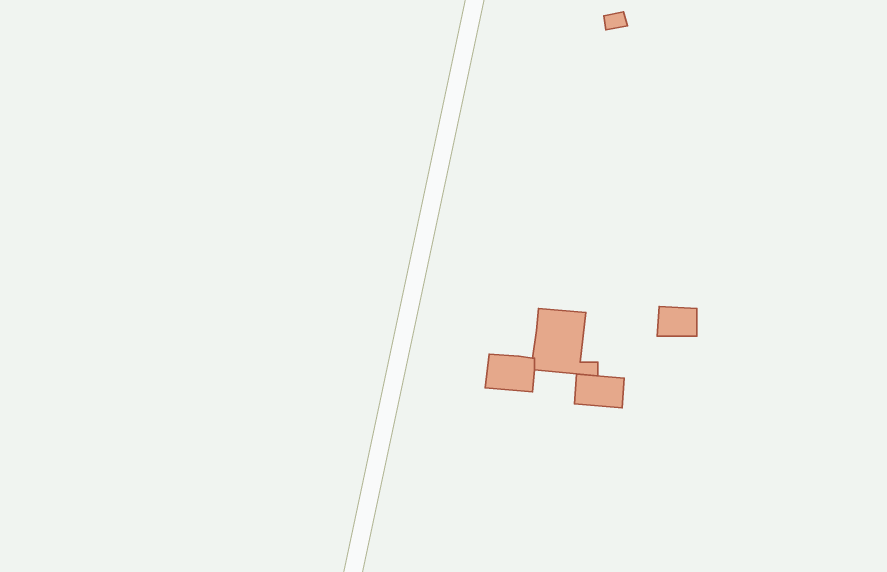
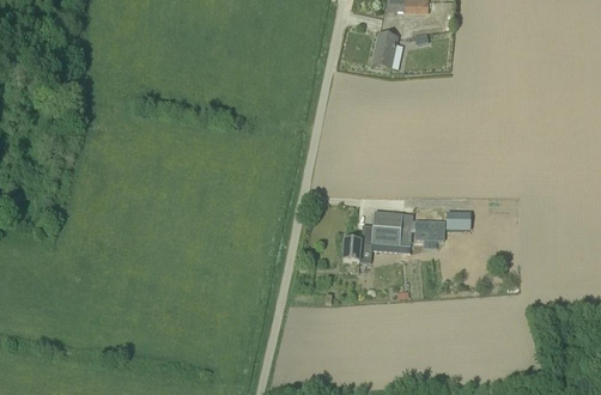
building: none -> [372,32,399,68]
building: [575,374,624,408] -> [414,215,444,236]

